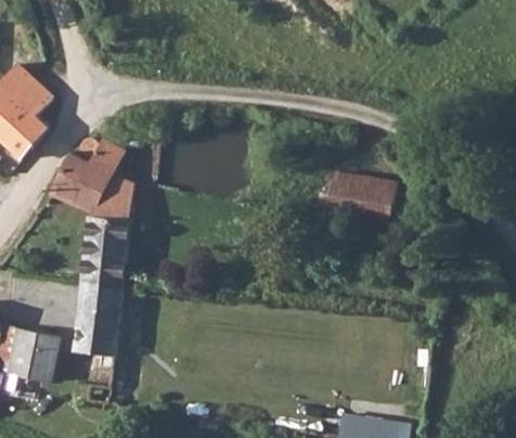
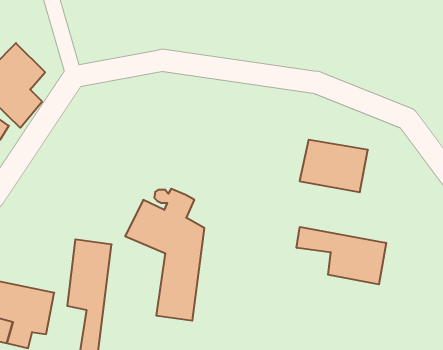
building: [48,141,133,283] -> [125,189,204,321]
building: none -> [297,227,386,284]

